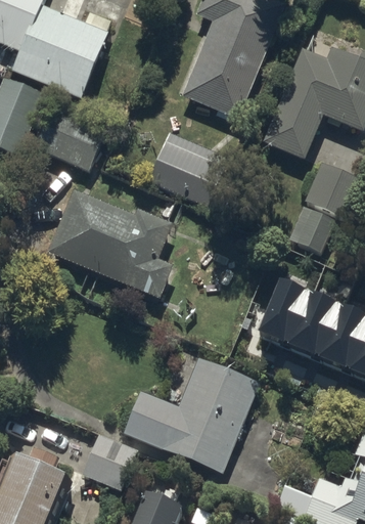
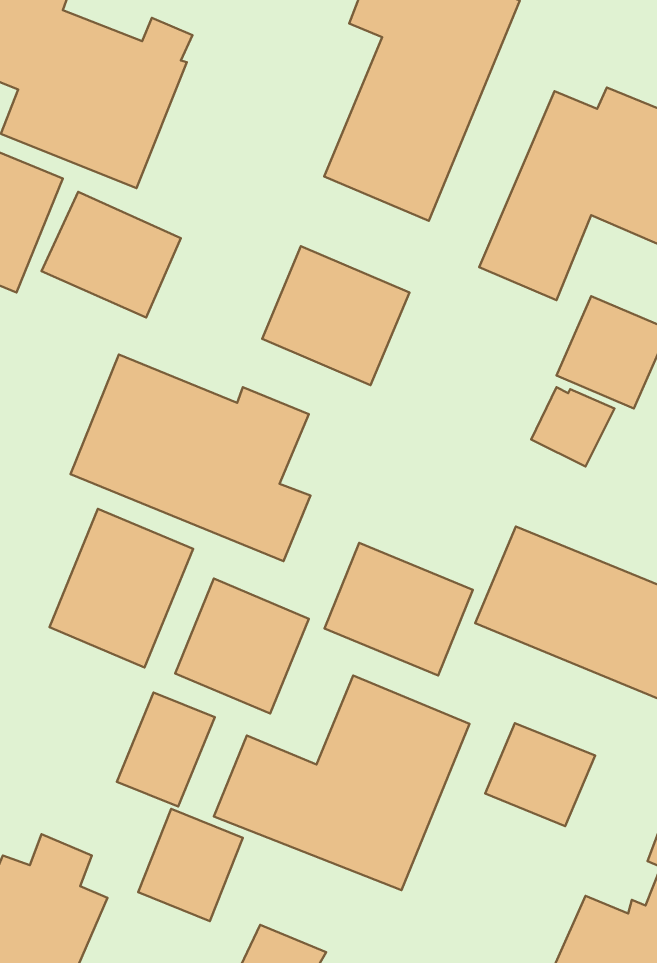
building: none -> [49,509,193,667]
building: none -> [324,543,473,675]
building: none -> [175,579,309,713]
building: none -> [117,692,215,807]
building: none -> [485,723,595,826]

